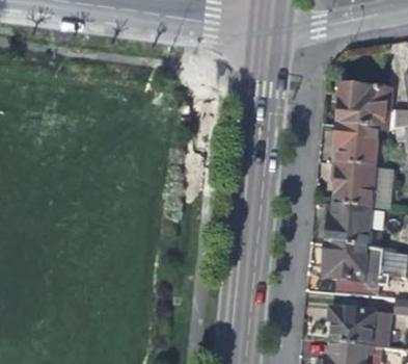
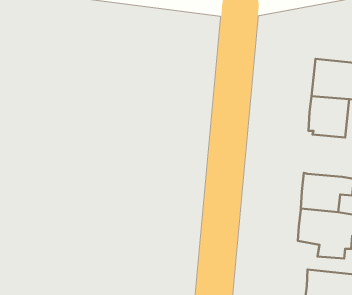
building: [333,165,373,210] -> none

